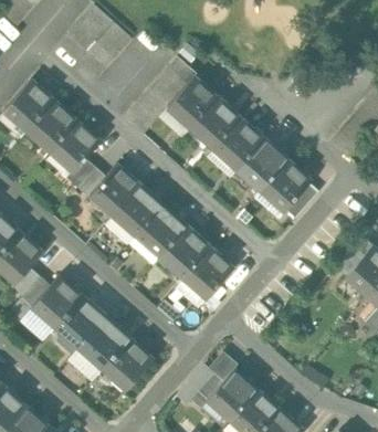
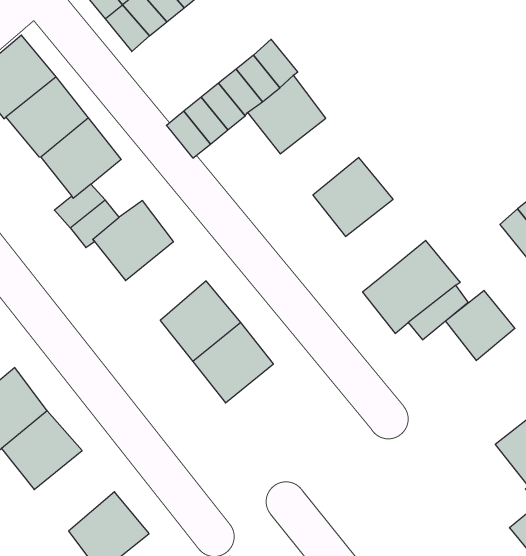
building: [191,99,239,148] -> none
building: [239,140,286,188] -> none
building: none -> [445,290,515,361]
building: [114,187,161,235] -> none
building: [183,249,232,298] -> none
building: [78,318,128,369] -> none

